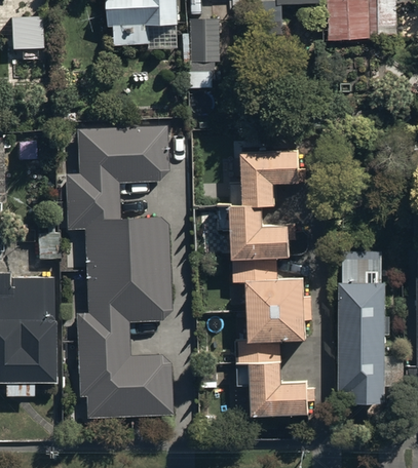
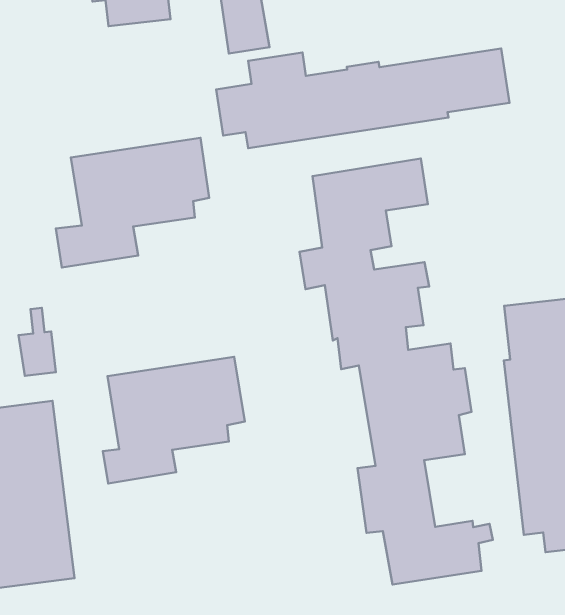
building: none -> [216,49,509,148]
building: [69,194,169,267] -> none
building: [82,332,170,408] -> none

